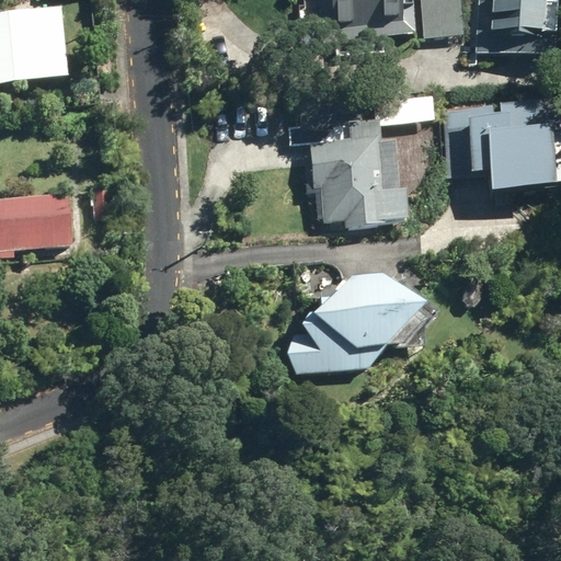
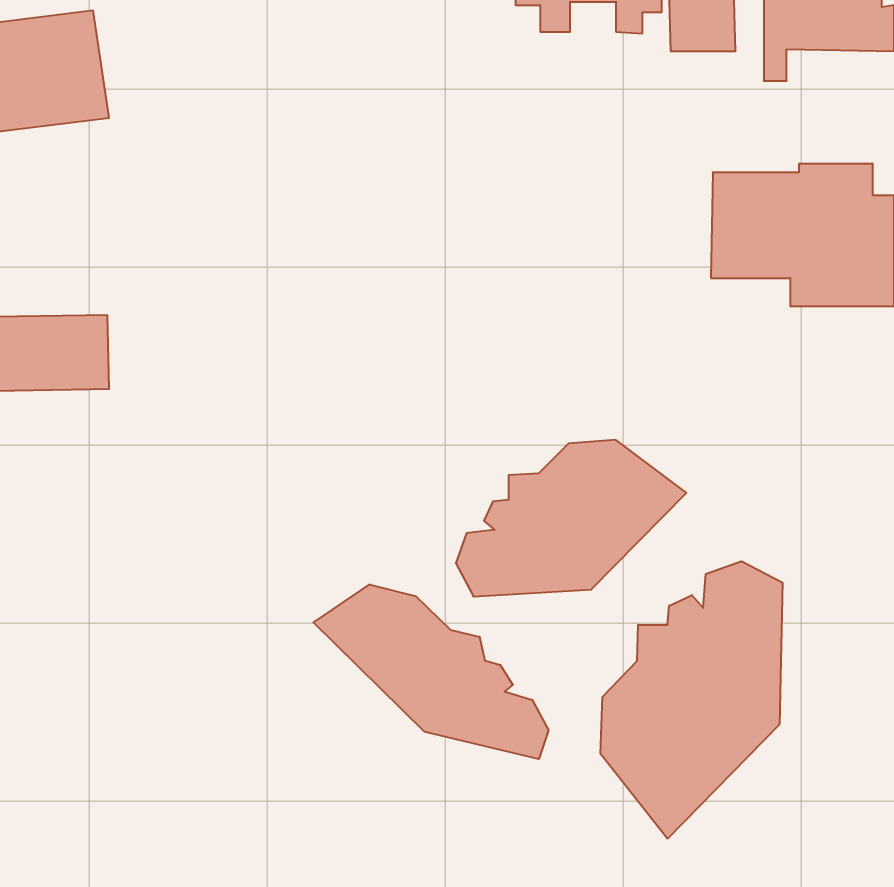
building: [314,94,438,222] -> none
building: none -> [601,561,783,839]
building: none -> [313,584,549,759]

